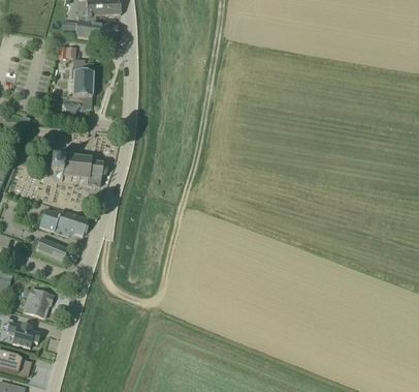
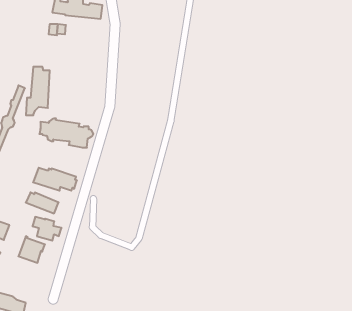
building: [66,60,93,115] -> [26,67,50,115]
building: [7,321,40,348] -> [32,217,62,241]

